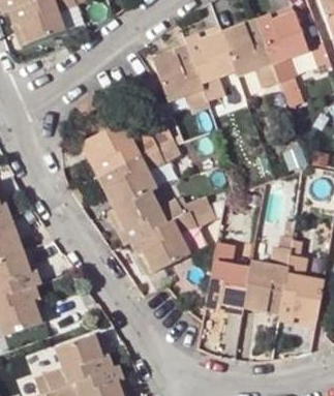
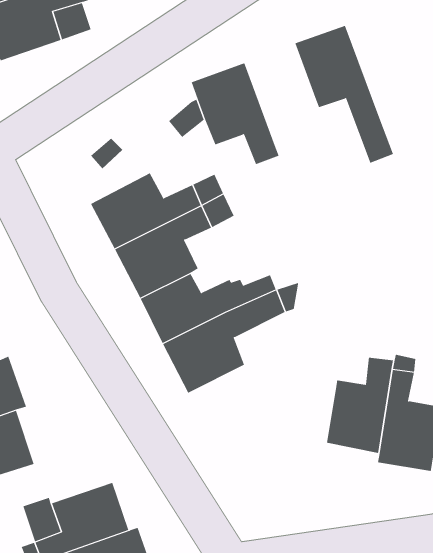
building: [257,8,308,84] -> none
building: [186,26,237,104] -> none
building: [206,244,250,314] -> none

